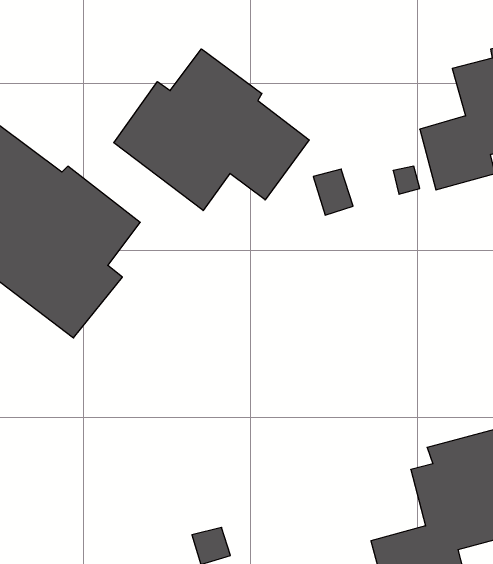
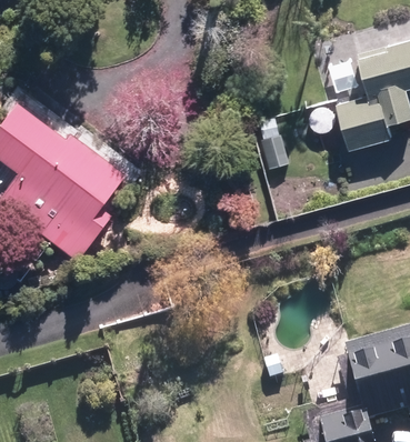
building: [114,49,309,211] -> none

